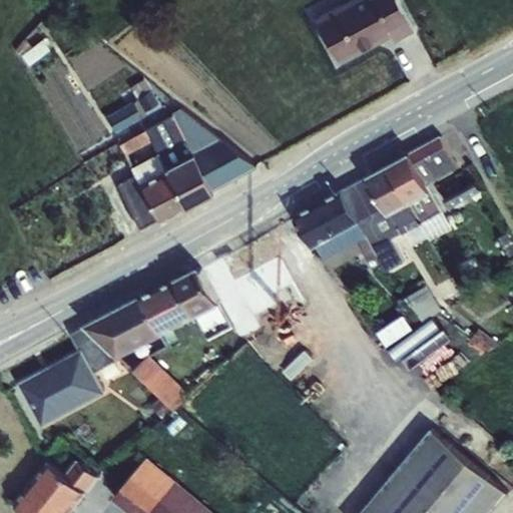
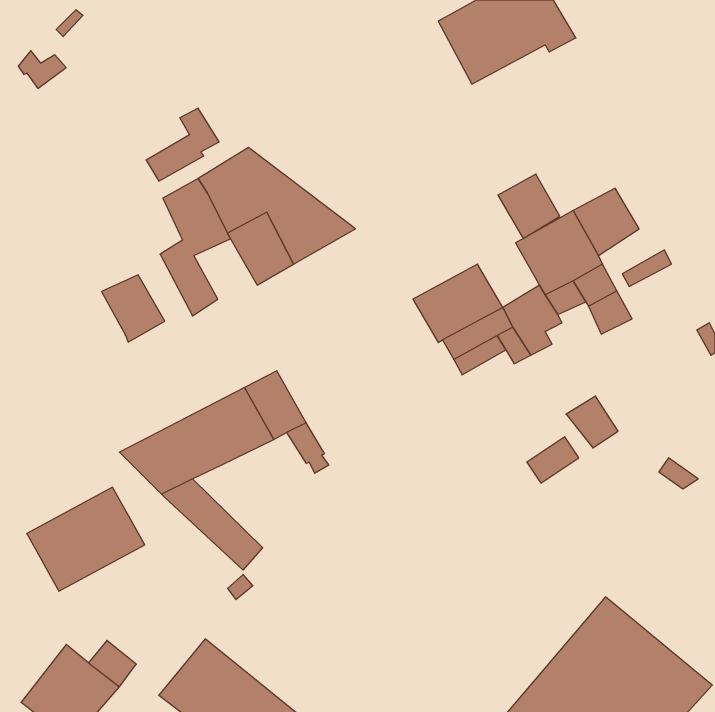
building: [138,174,183,222] -> [102,275,165,342]
building: [341,177,385,223] -> [498,174,560,239]
building: [70,327,117,373] -> none

